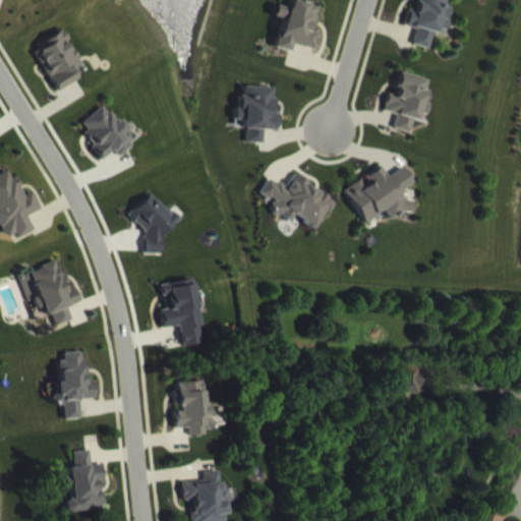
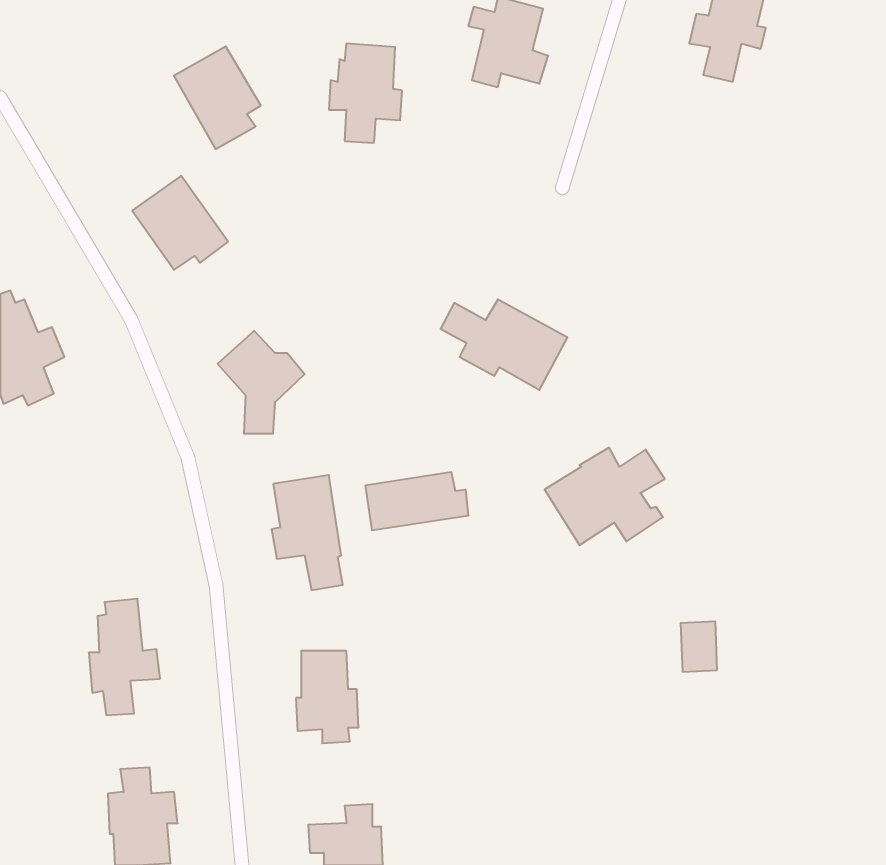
building: [34,31,84,91] -> [174,46,261,149]
building: [384,71,430,132] -> none
building: [236,84,279,142] -> [329,44,402,143]
building: [343,165,413,222] -> [545,448,665,545]
building: [20,262,79,325] -> none
building: none -> [365,472,468,530]

